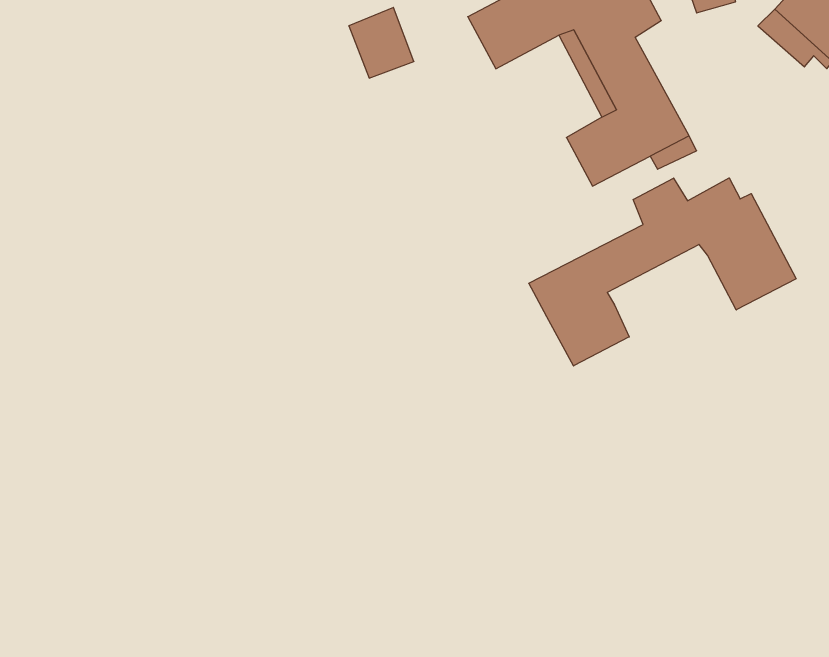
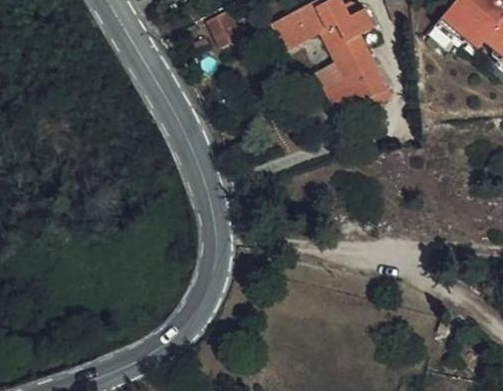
building: [529,178,796,366] -> none

